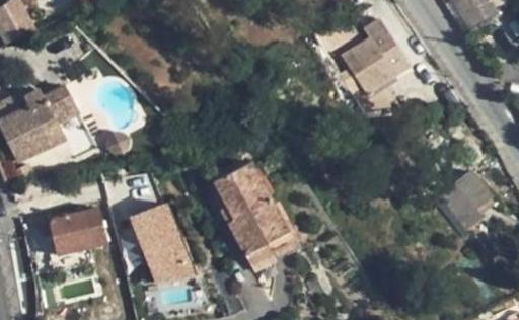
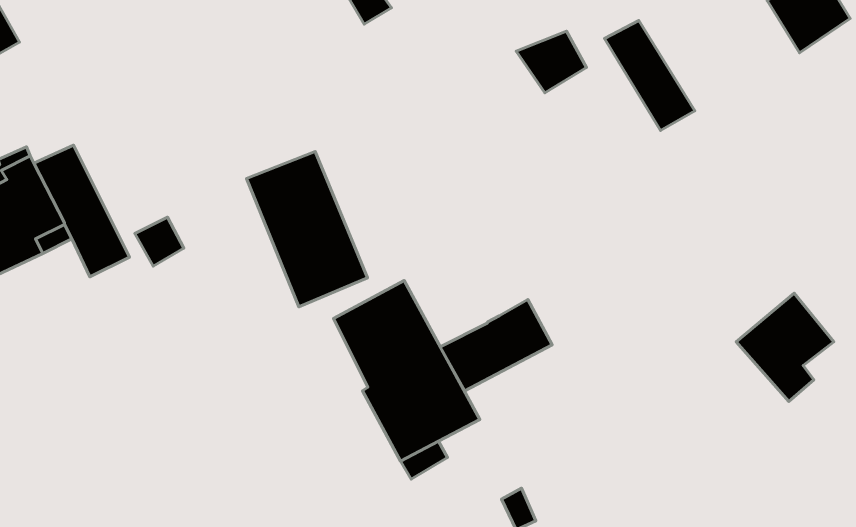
building: [342,38,394,95] -> none
building: none -> [440,300,552,391]
building: [127,202,195,289] -> [246,152,367,307]
building: [48,207,106,258] -> none

